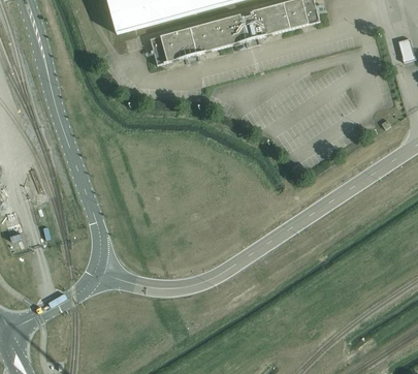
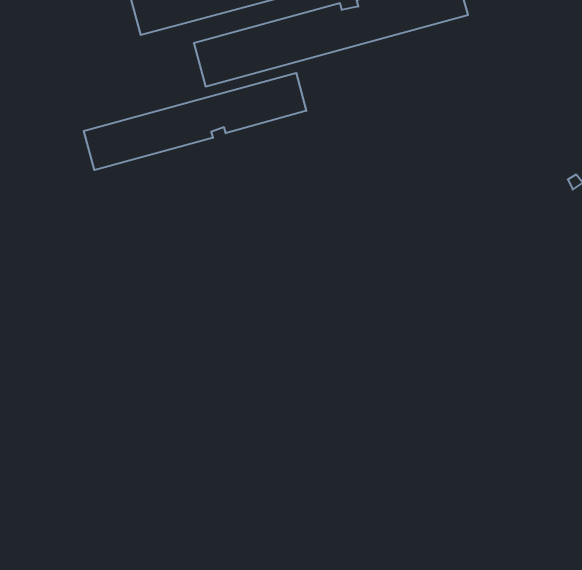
building: none -> [84,73,306,170]

